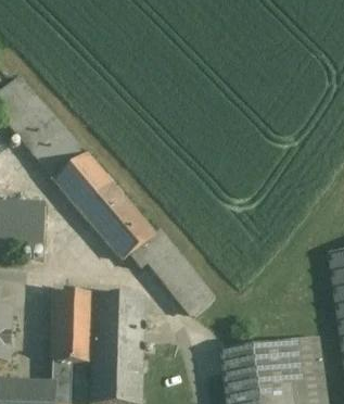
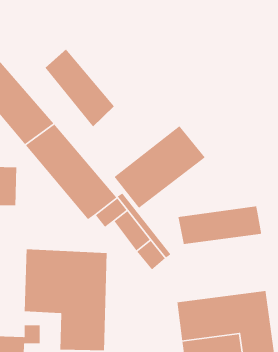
building: none -> [44,48,115,127]
building: none -> [114,125,206,209]
building: none -> [177,206,262,245]

